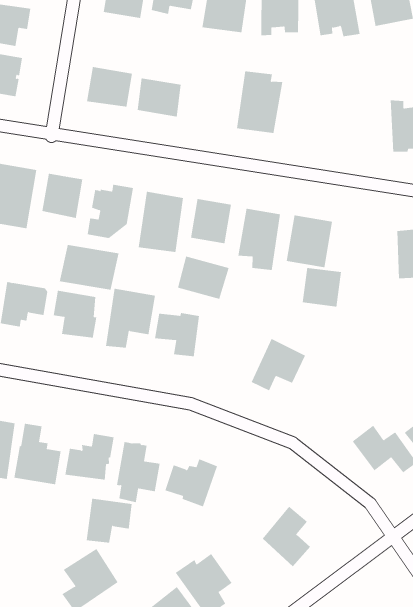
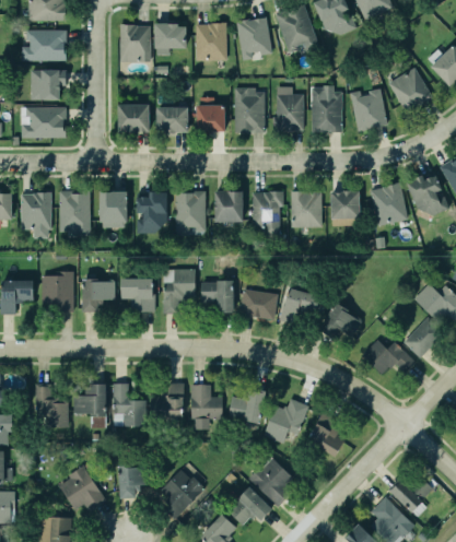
building: none -> [277,87,305,131]
building: none -> [197,104,225,133]
building: none -> [312,87,343,133]
building: [59,244,119,291] -> none
building: [177,256,230,299] -> [242,291,279,319]
building: [302,267,342,307] -> [332,191,361,220]
building: none -> [323,304,363,342]
building: none -> [264,399,308,443]
building: [86,498,133,543] -> [120,466,153,499]

